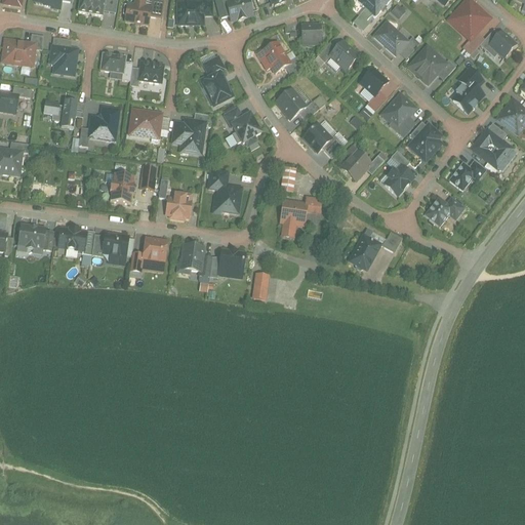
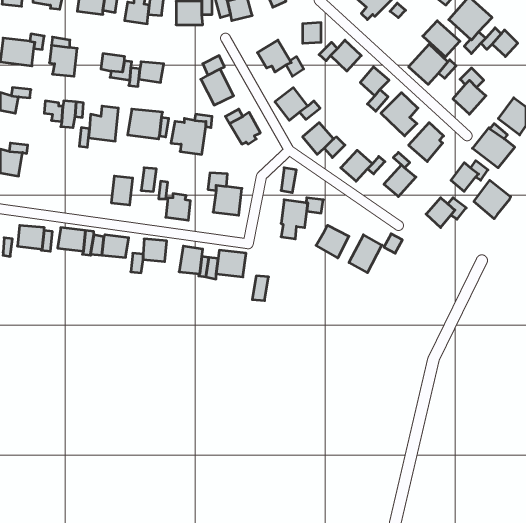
building: [372,19,409,55] -> [423,21,460,57]
building: none -> [474,180,511,219]
building: none -> [316,225,349,258]

